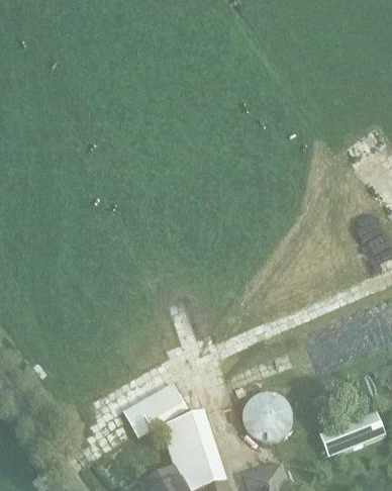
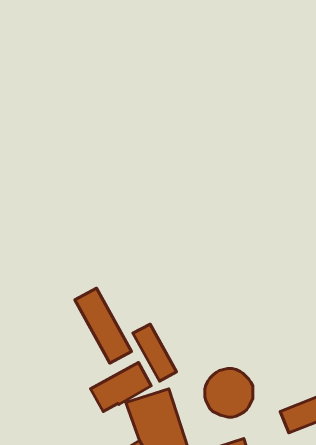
building: none -> [75,288,132,363]
building: none -> [133,324,177,381]

